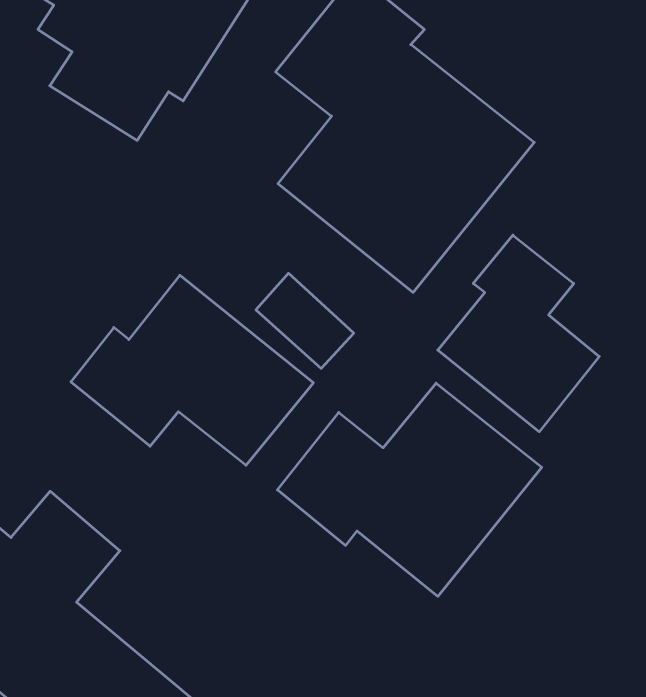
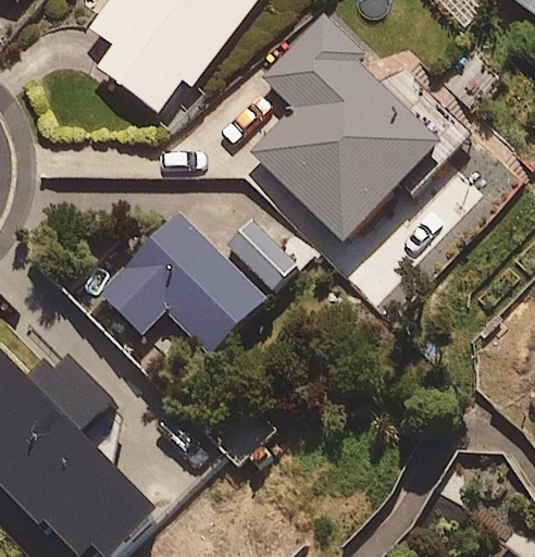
building: [438,235,599,432] -> none
building: [277,383,542,596] -> none

